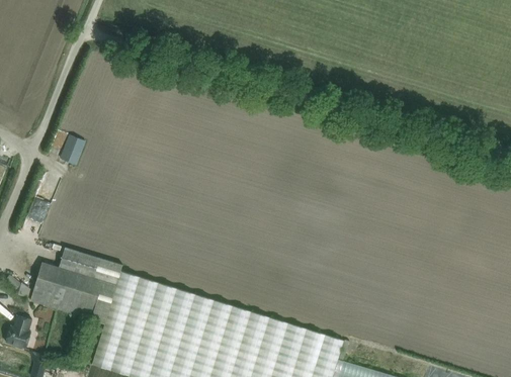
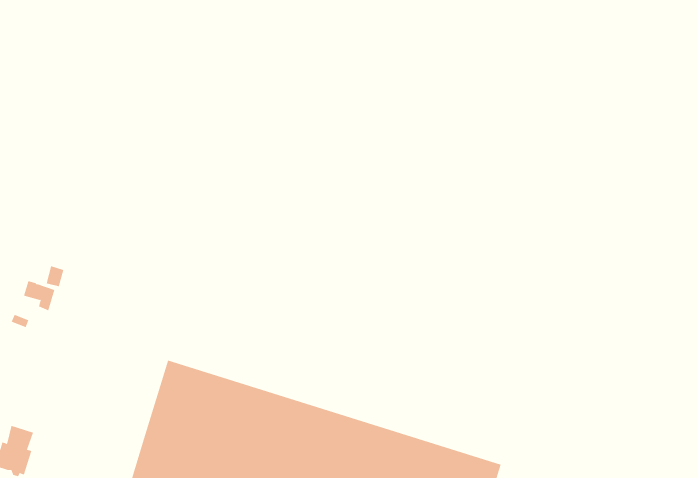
building: [60,134,84,164] -> none
building: [29,248,122,323] -> none

